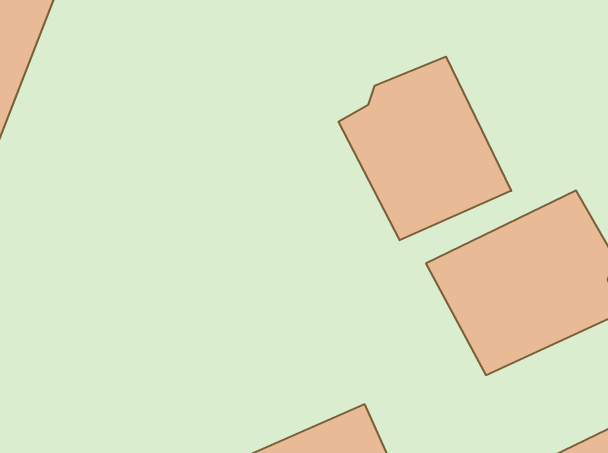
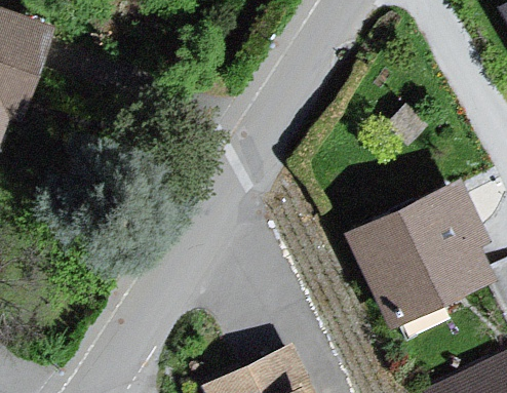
building: [339,57,511,240] -> none

